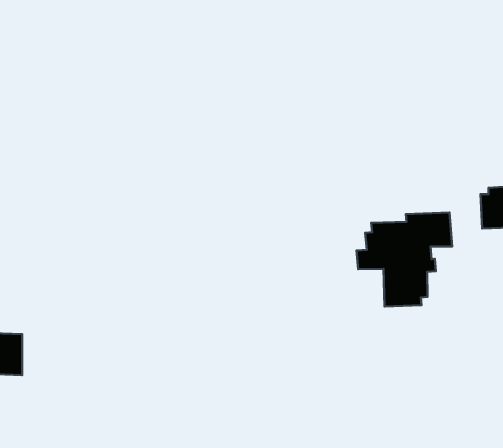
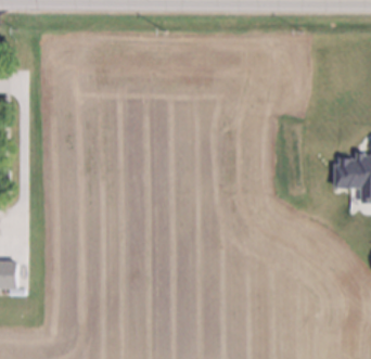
building: [357,212,452,306] -> none

